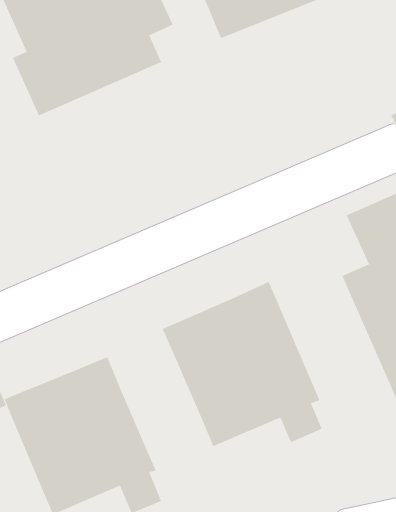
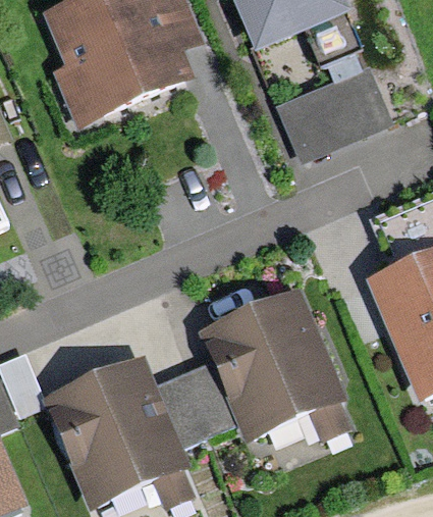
building: none -> [275,64,394,164]
building: none -> [156,363,235,446]

